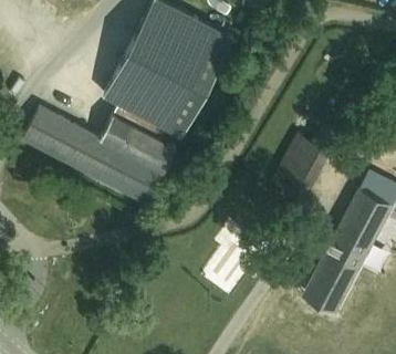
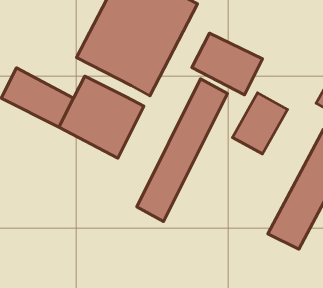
building: none -> [192,33,263,95]
building: none -> [137,79,227,221]

